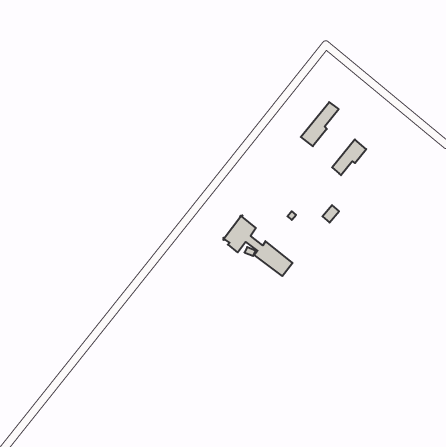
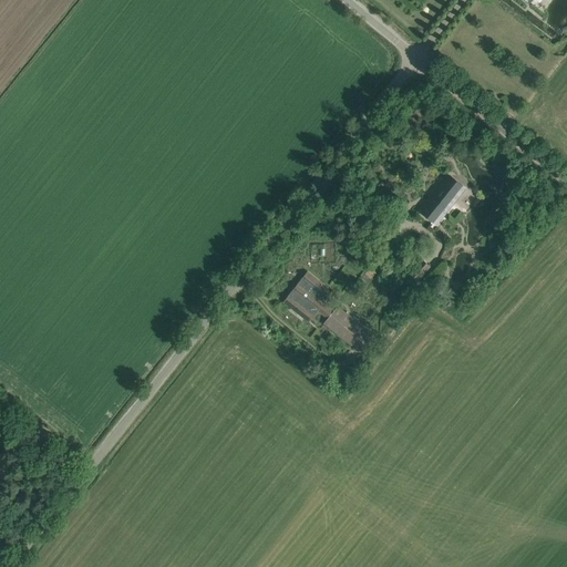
building: [301,102,339,146] -> none

